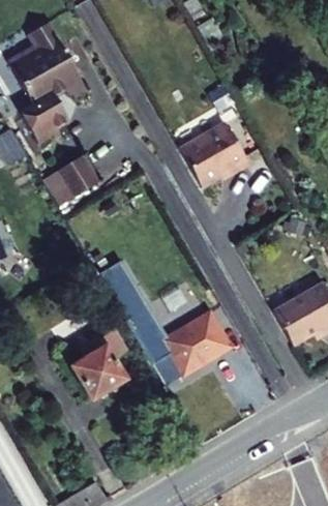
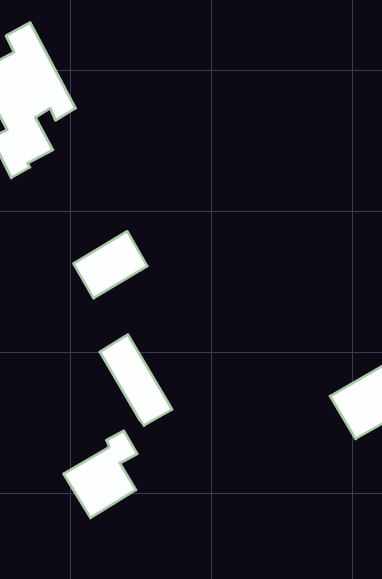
building: [182,121,251,186] -> none
building: [35,154,92,206] -> [74,231,147,298]
building: [160,322,225,381] -> none

